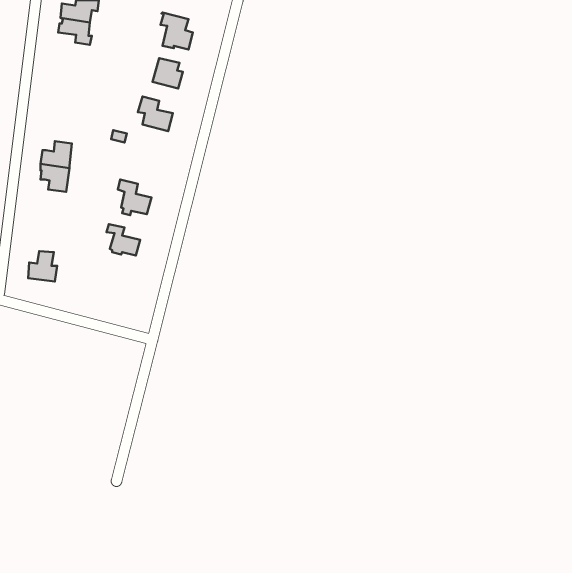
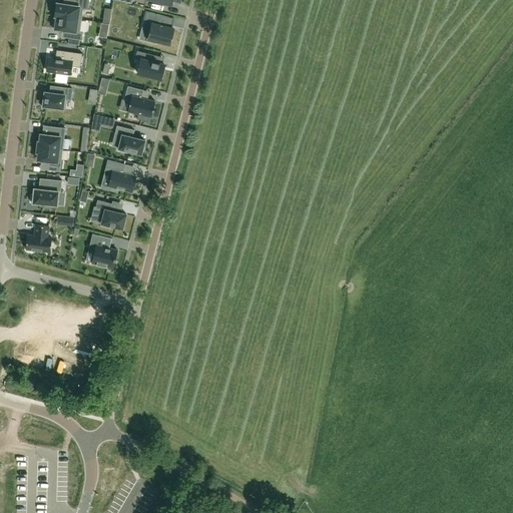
building: none -> [46,50,81,74]
building: none -> [41,87,71,109]
building: none -> [114,125,144,154]
building: none -> [30,178,61,205]
building: none -> [91,235,116,268]

